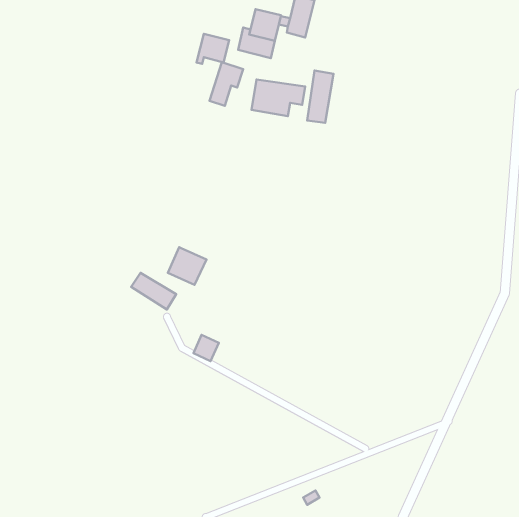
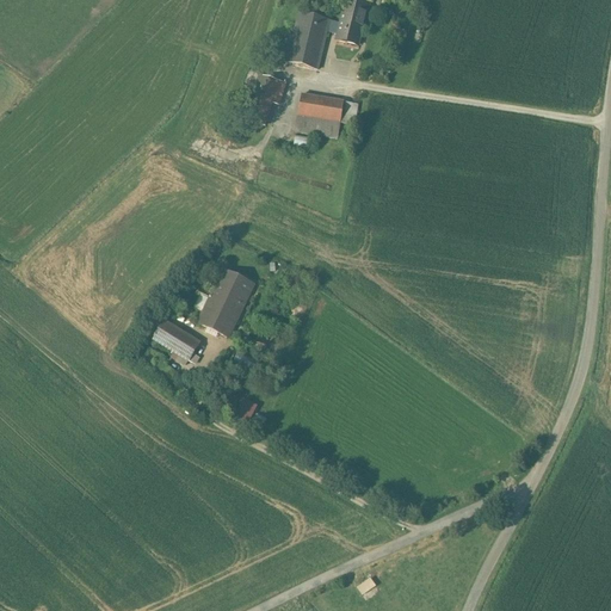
building: [196,34,229,64] -> none
building: [307,71,334,123] -> none
building: none -> [214,269,253,304]

